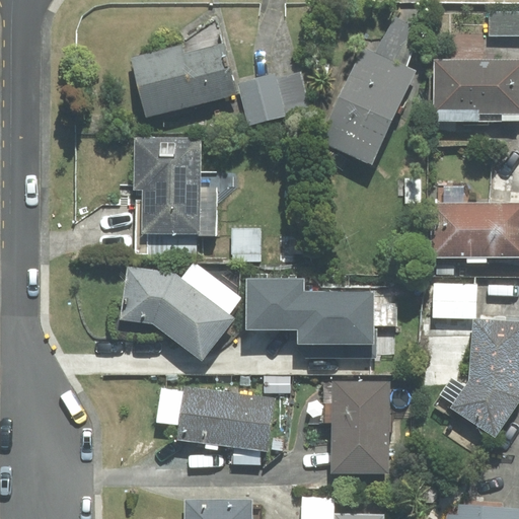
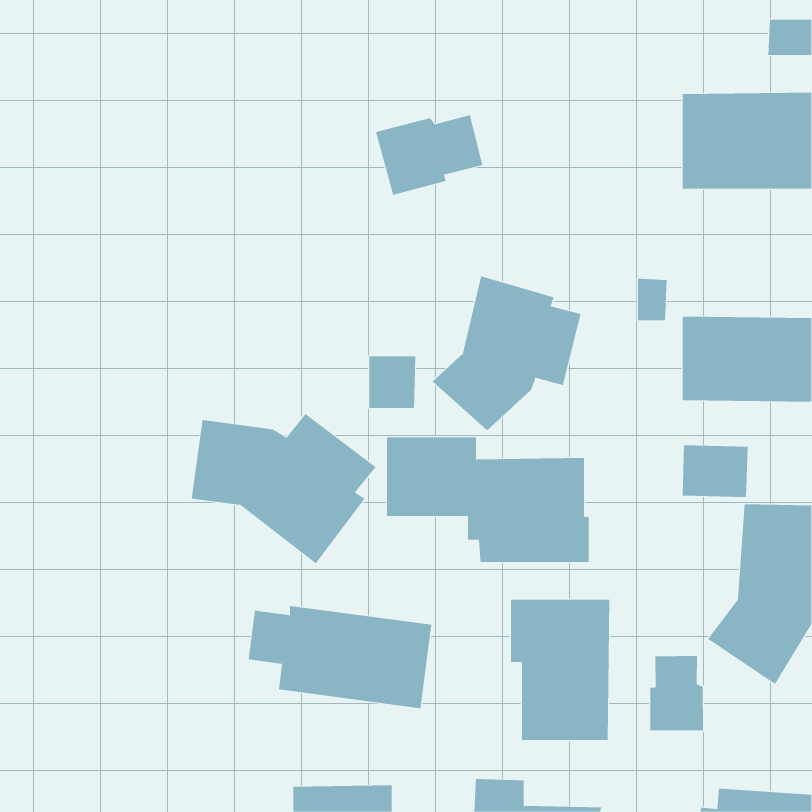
building: [320,13,424,163] -> none
building: [132,18,235,117] -> none
building: [135,137,218,254] -> none
building: none -> [432,275,581,431]
building: none -> [650,655,704,731]

